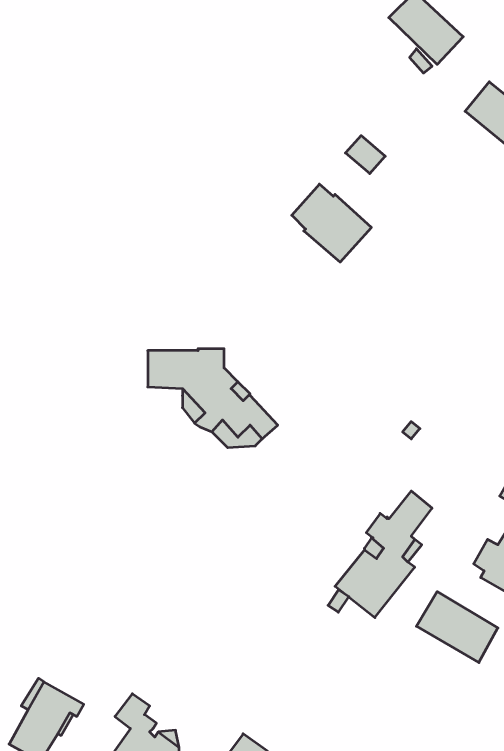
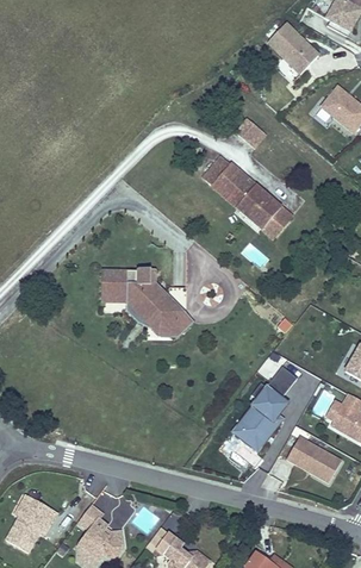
building: none -> [235,185,294,242]

